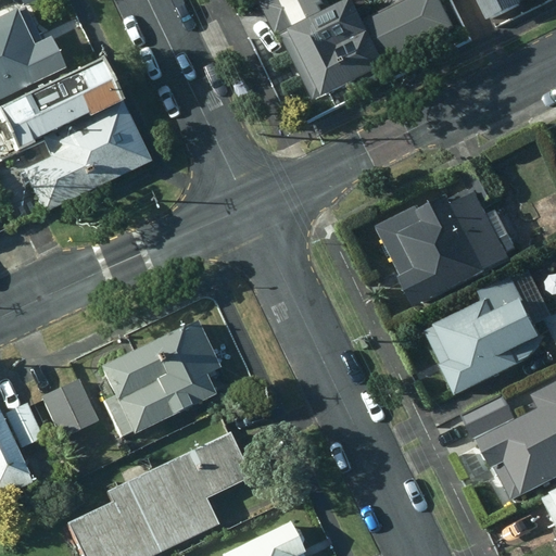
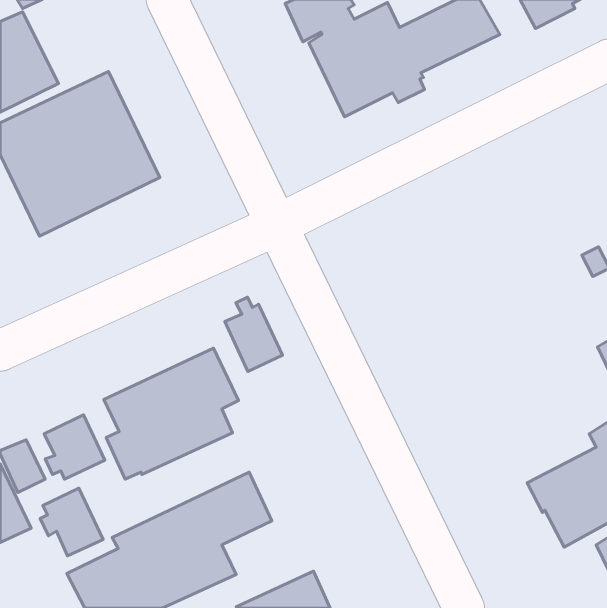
building: [378,154,514,305] -> none
building: none -> [225,297,283,371]
building: [428,275,544,394] -> none
building: none -> [40,488,103,556]

